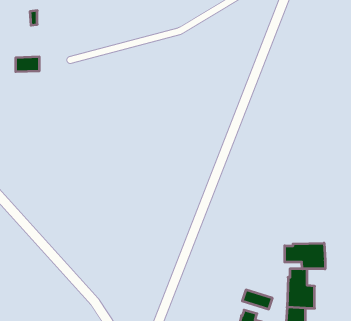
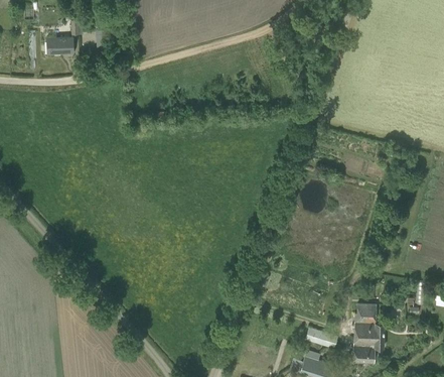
building: [16,57,39,72] -> [46,37,72,53]
building: [285,243,325,269] -> none

